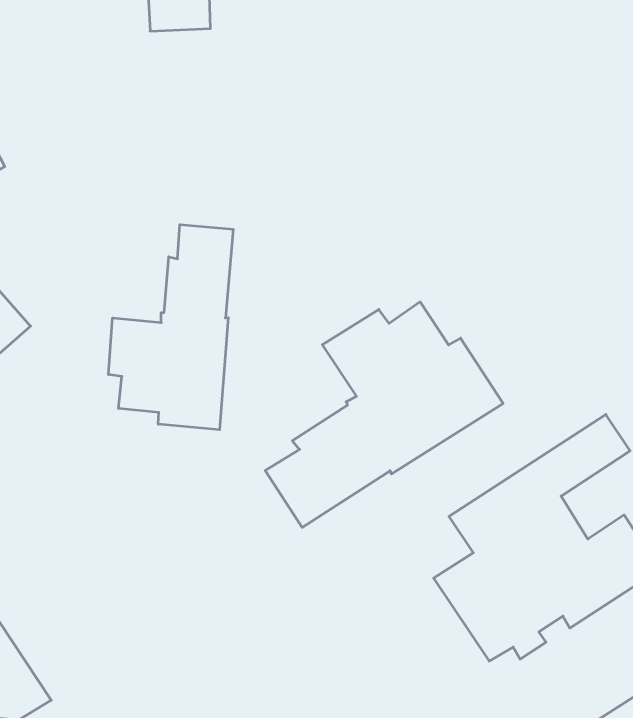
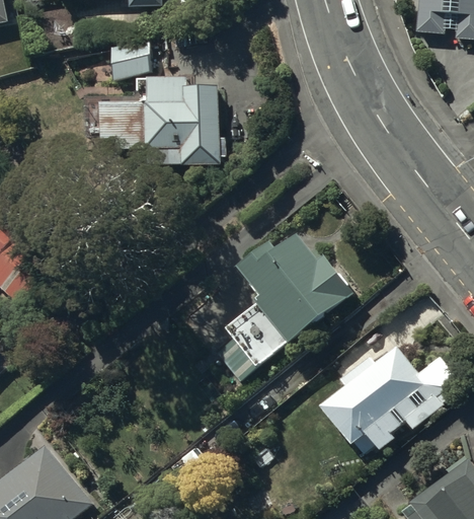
building: none -> [84,77,223,164]
building: [109,225,233,430] -> none

